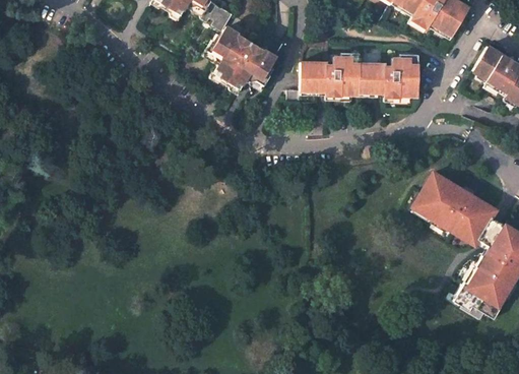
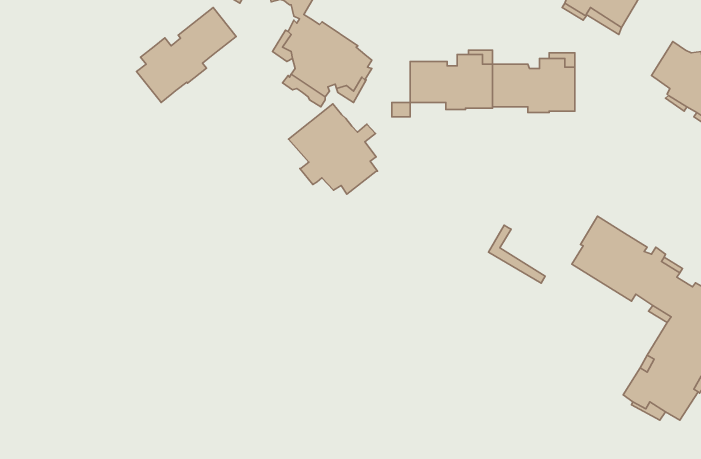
building: none -> [137,8,236,102]
building: none -> [289,104,377,194]
building: [408,190,449,232] -> [489,225,545,283]

